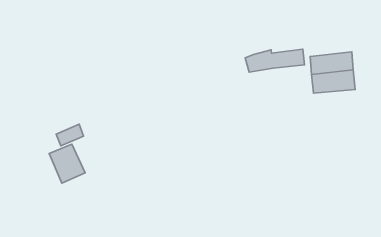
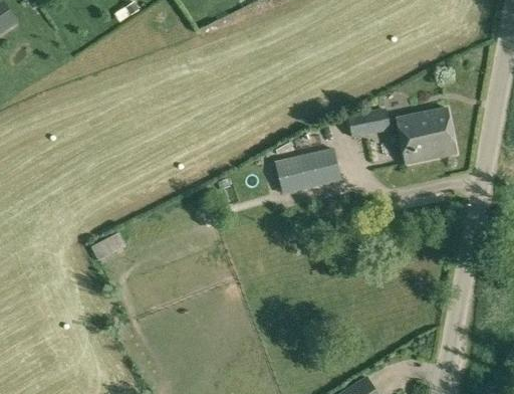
building: none -> [277,149,342,192]
building: [49,144,85,183] -> none

